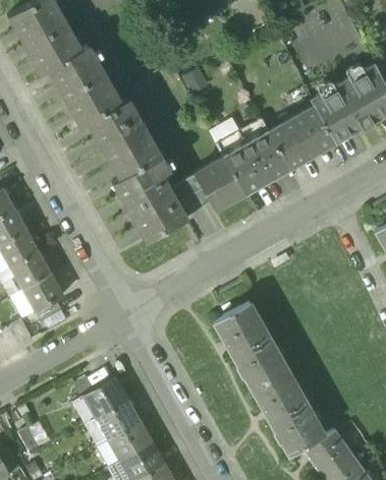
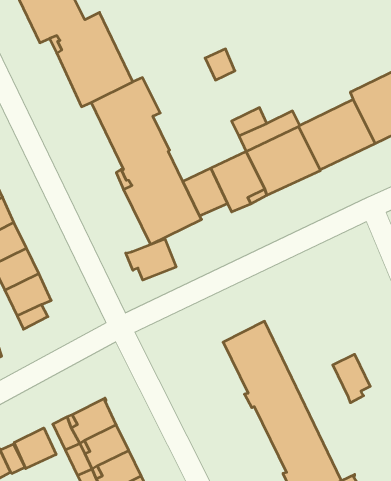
building: none -> [126,239,176,280]
building: none -> [333,354,370,403]
building: none -> [14,428,56,469]

